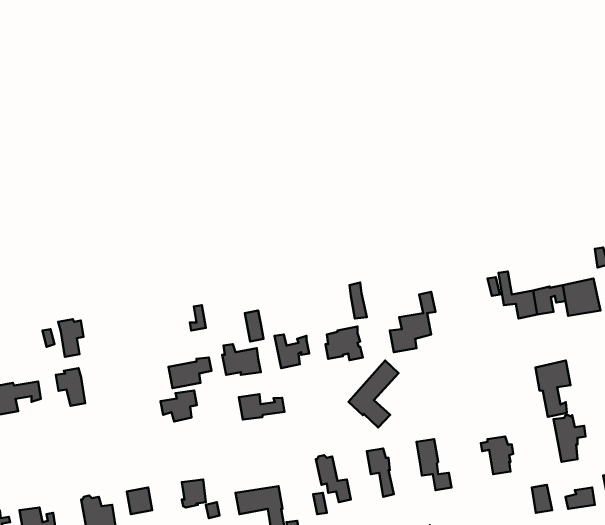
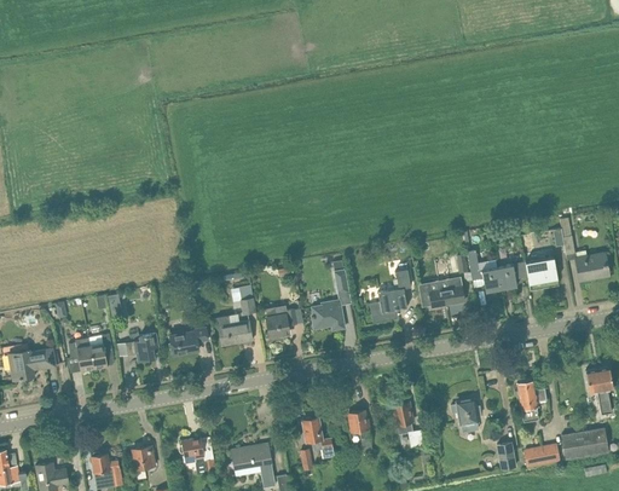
building: none -> [418,283,464,308]
building: [58,319,84,357] -> [88,335,111,369]
building: [348,360,398,427] -> none
building: [536,361,570,417] -> none
building: [161,391,197,421] -> [126,334,158,362]
building: [239,394,284,420] -> none

